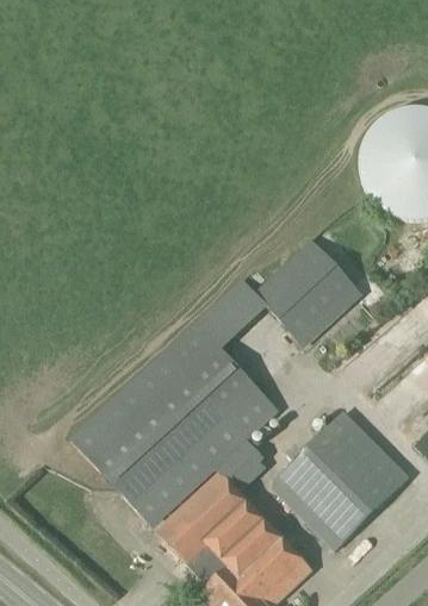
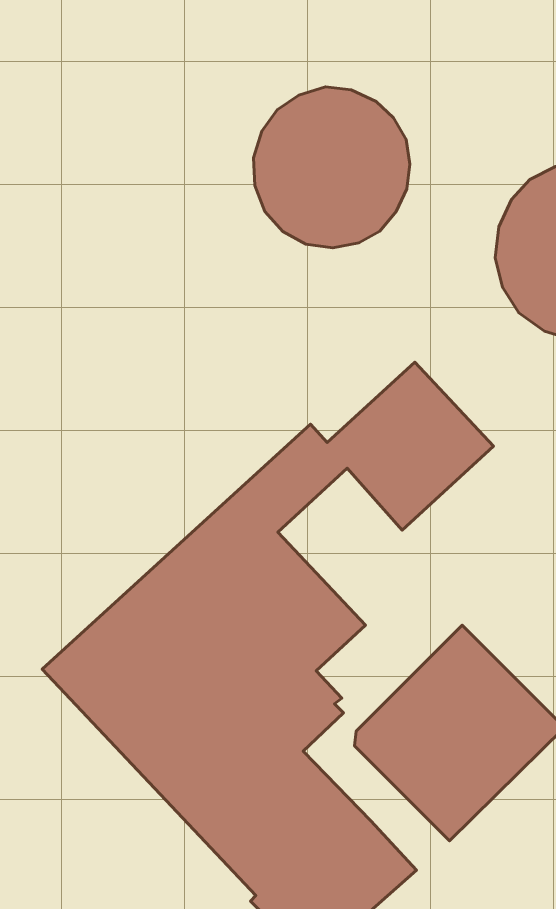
building: none -> [254,87,410,248]

